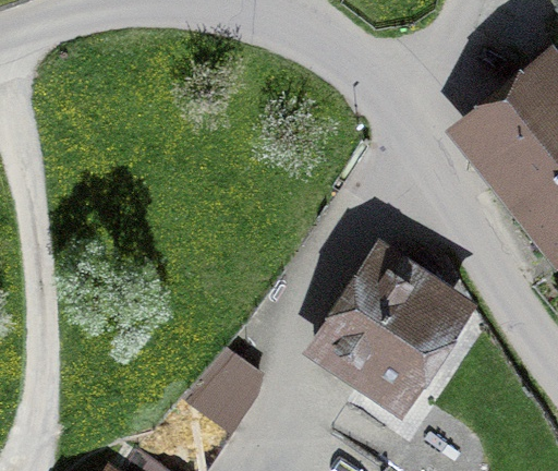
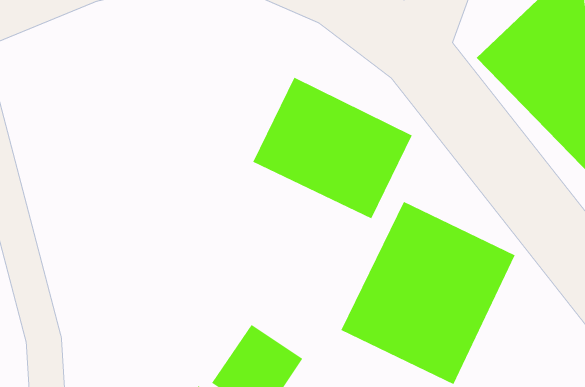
building: none -> [253,77,413,219]

